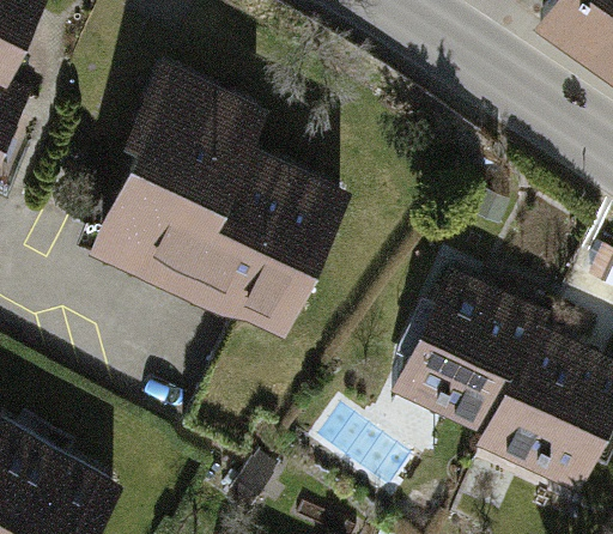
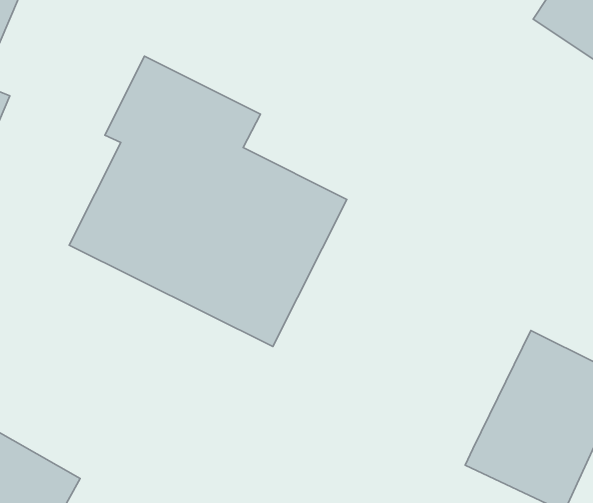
building: [386,268,545,444] -> none

